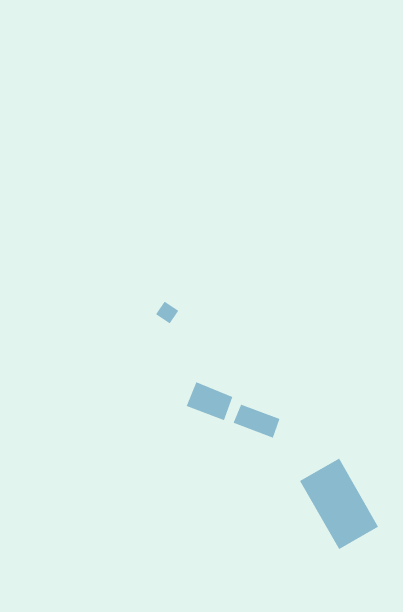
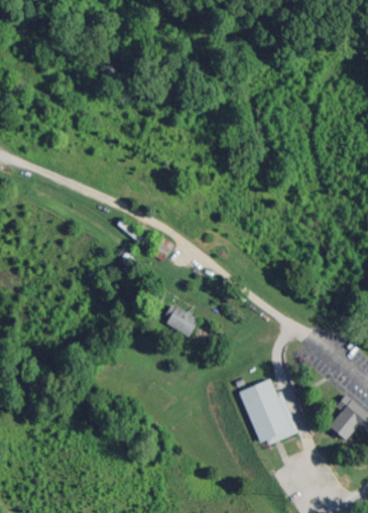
building: [233,404,280,439] -> none

